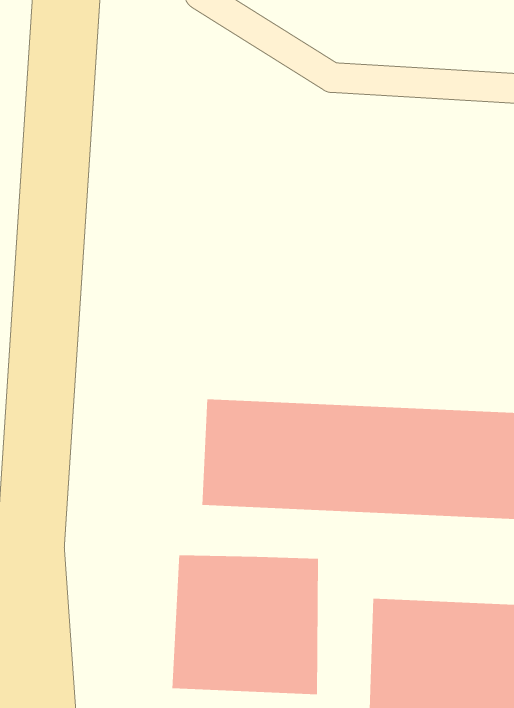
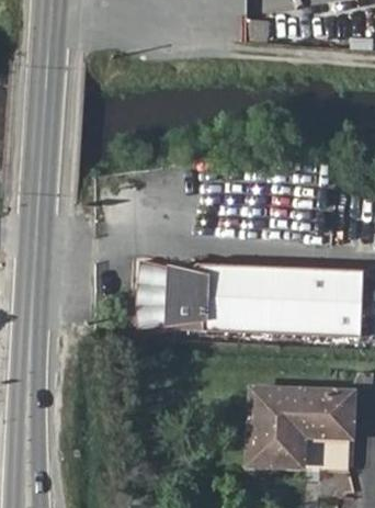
building: [172,555,318,695] -> none

